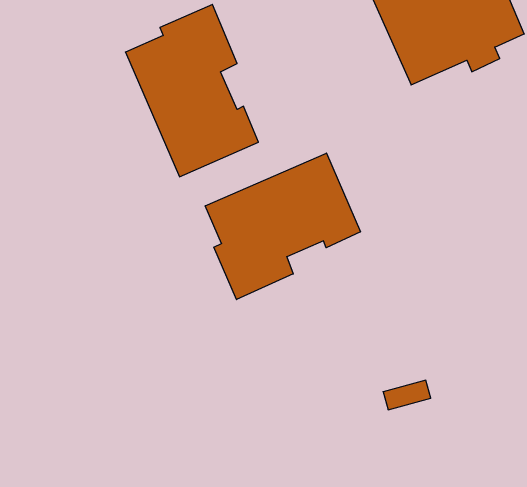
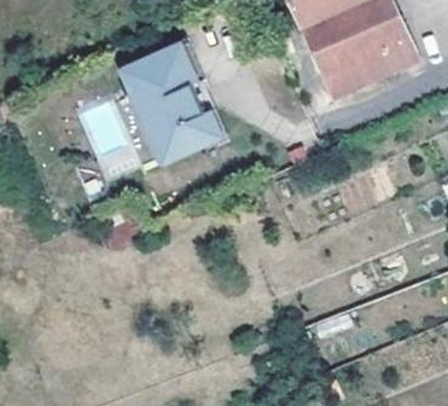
building: [205,153,360,300] -> none

